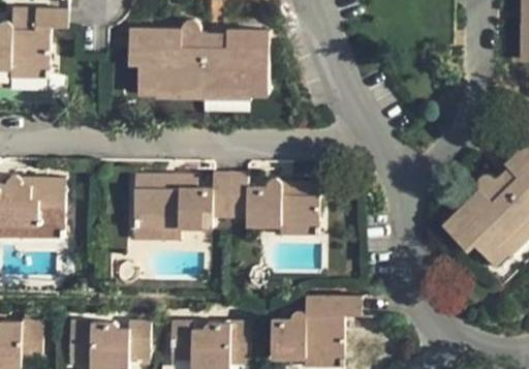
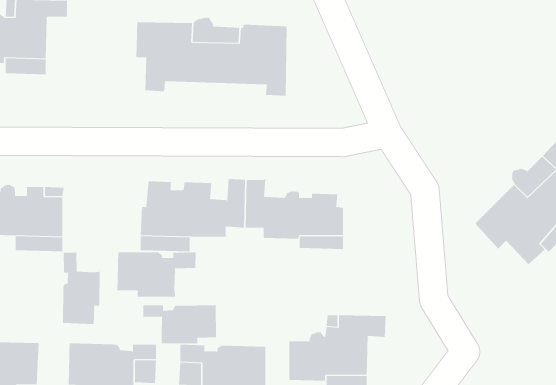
building: none -> [117,252,196,298]
building: none -> [62,252,100,325]
building: none -> [143,305,217,344]

